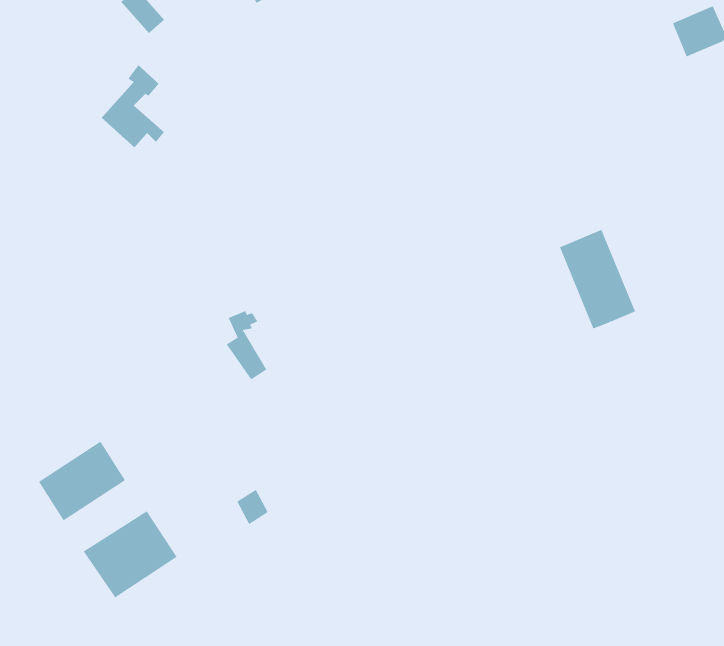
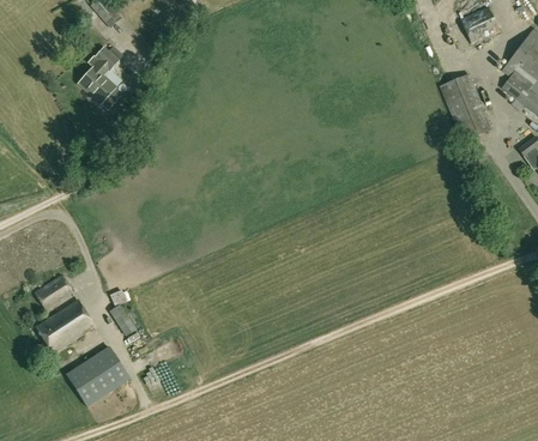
building: [559,229,636,329] -> [440,73,491,140]
building: [226,311,267,380] -> [109,289,137,336]
building: none -> [35,274,73,309]

